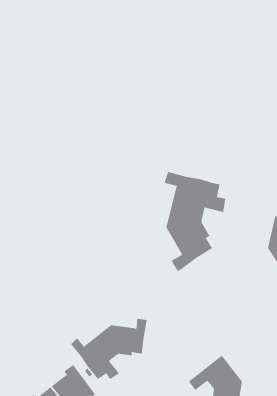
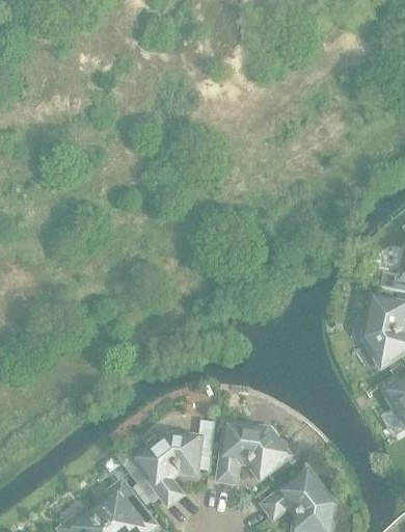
building: [164,171,226,272] -> none
building: none -> [209,422,287,478]

